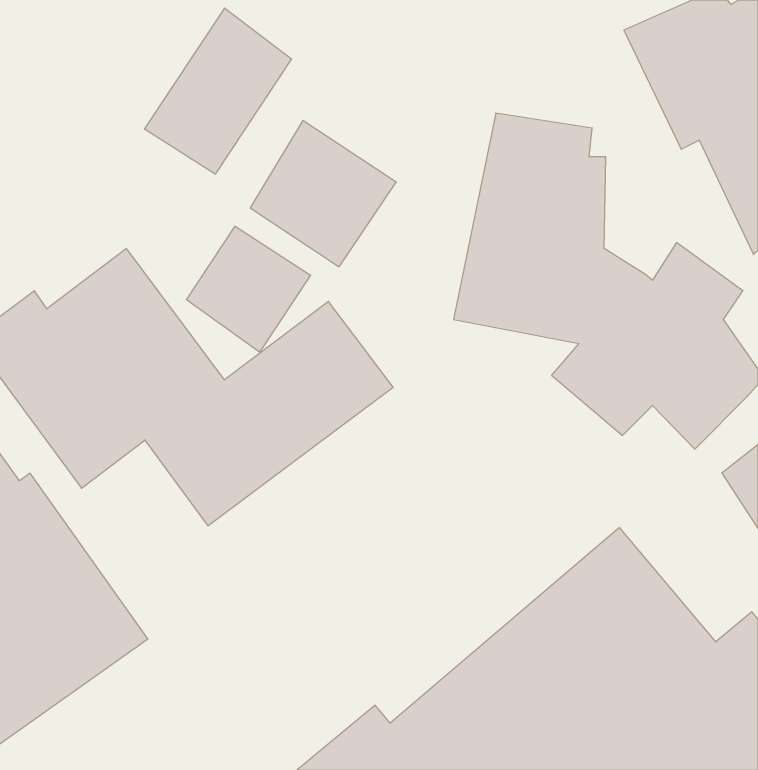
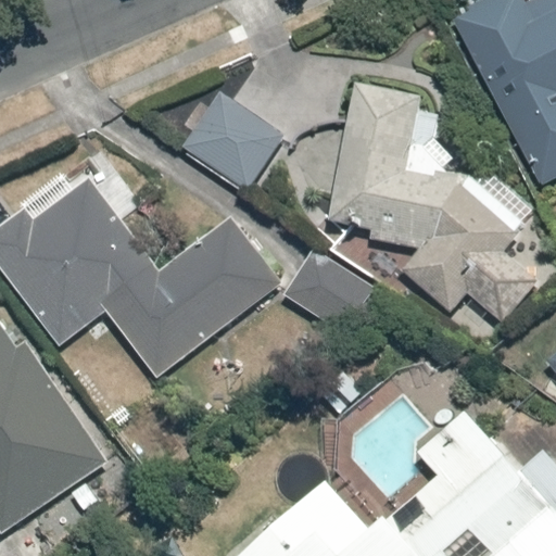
building: [145,8,291,174] -> none
building: [186,226,311,352] -> none
building: none -> [281,248,386,341]

